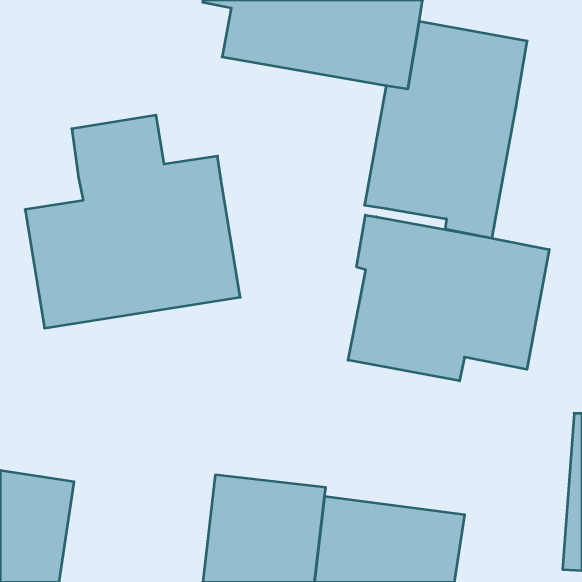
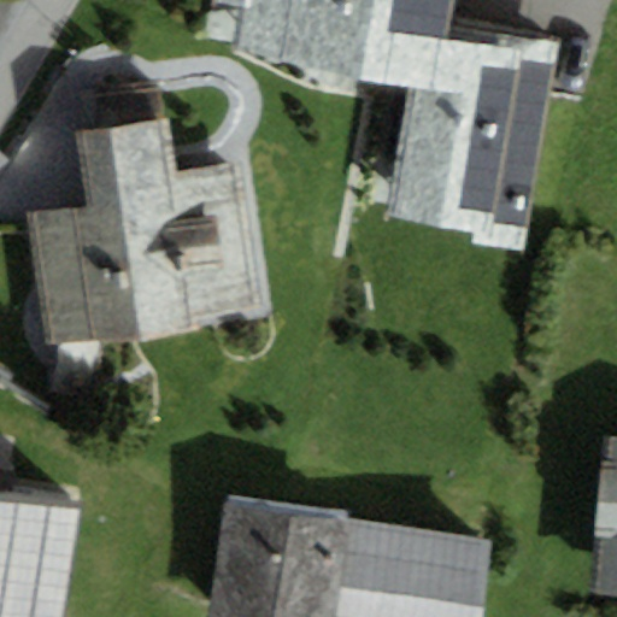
building: [348,215,549,381] -> none

